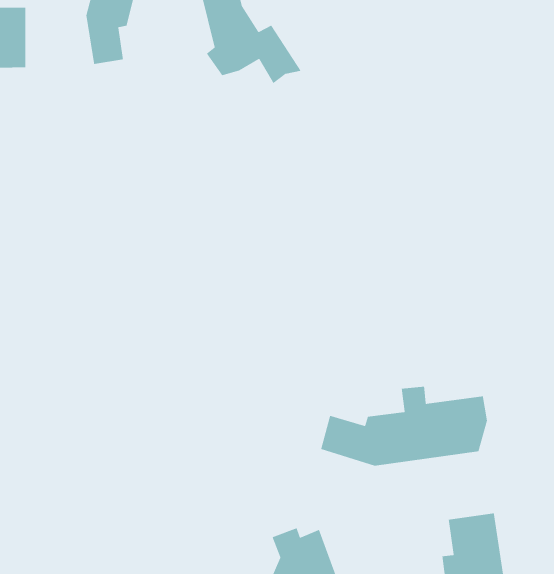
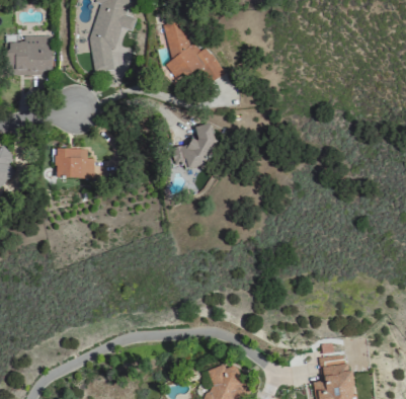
building: none -> [169,123,222,172]
building: none -> [57,149,95,177]
building: [320,386,488,466] -> none

